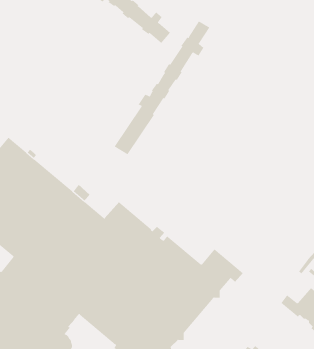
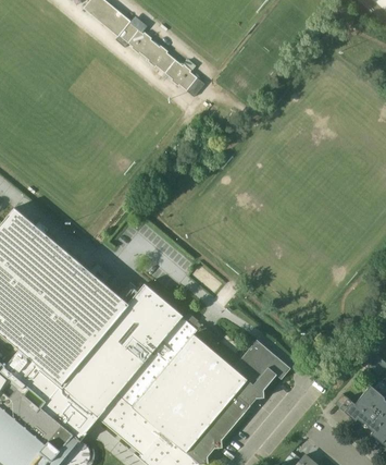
building: [114,21,210,155] -> none

